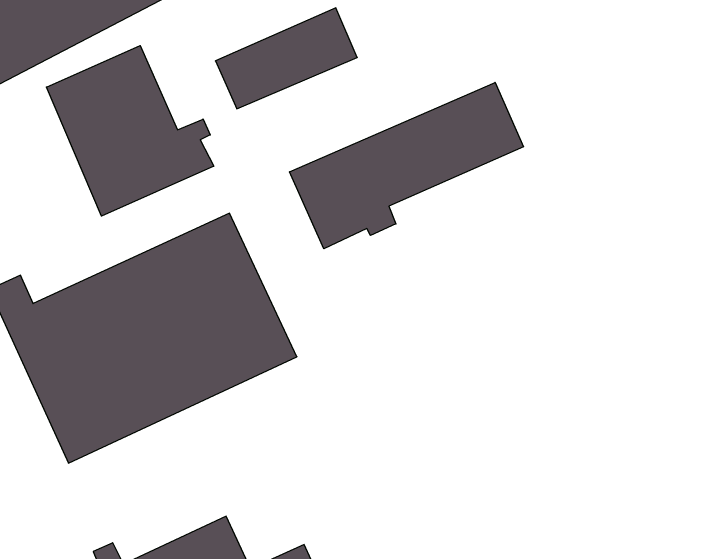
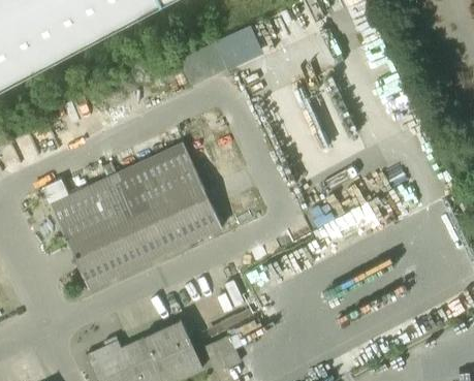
building: [46,46,214,216] -> none
building: [290,82,523,249] -> none

